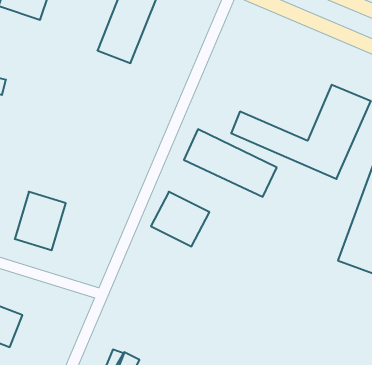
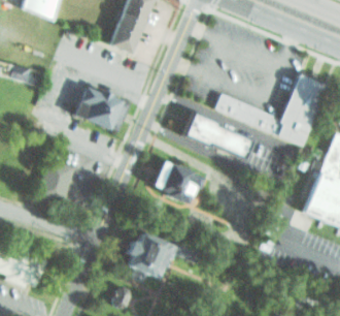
building: none -> [76,84,125,130]
building: none -> [118,230,166,280]

